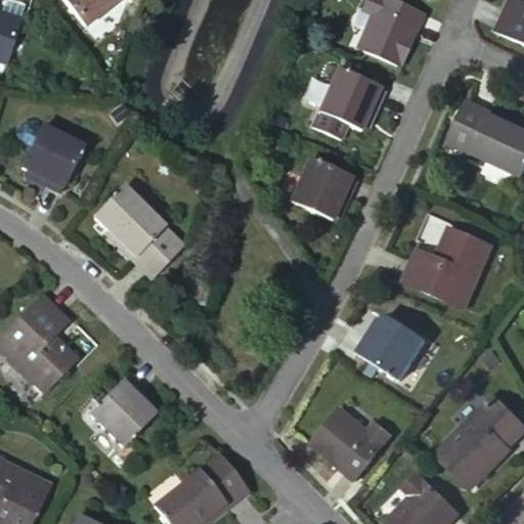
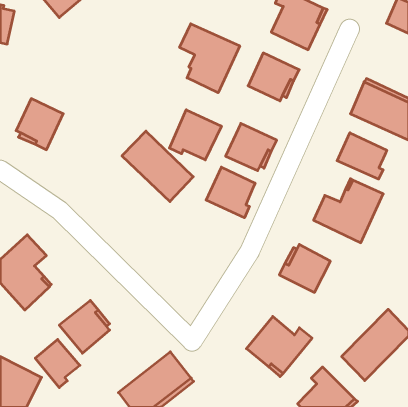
building: none -> [180,24,240,93]
building: none -> [169,110,221,160]
building: none -> [337,133,387,179]
building: [93,189,184,279] -> [122,131,193,202]
building: none -> [206,167,255,218]
building: none -> [35,339,80,388]

